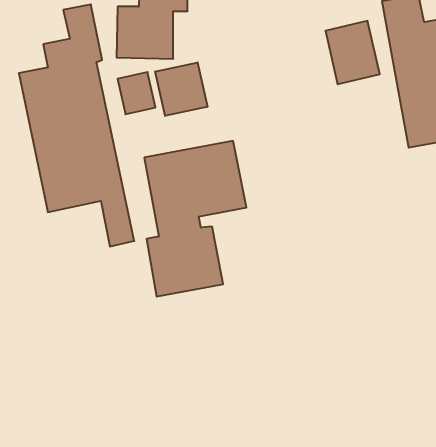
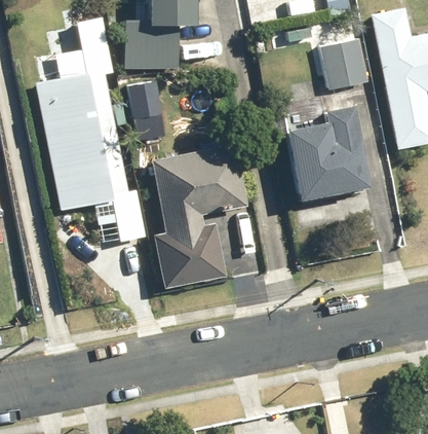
building: [155,62,207,116] -> none
building: none -> [282,97,369,201]

